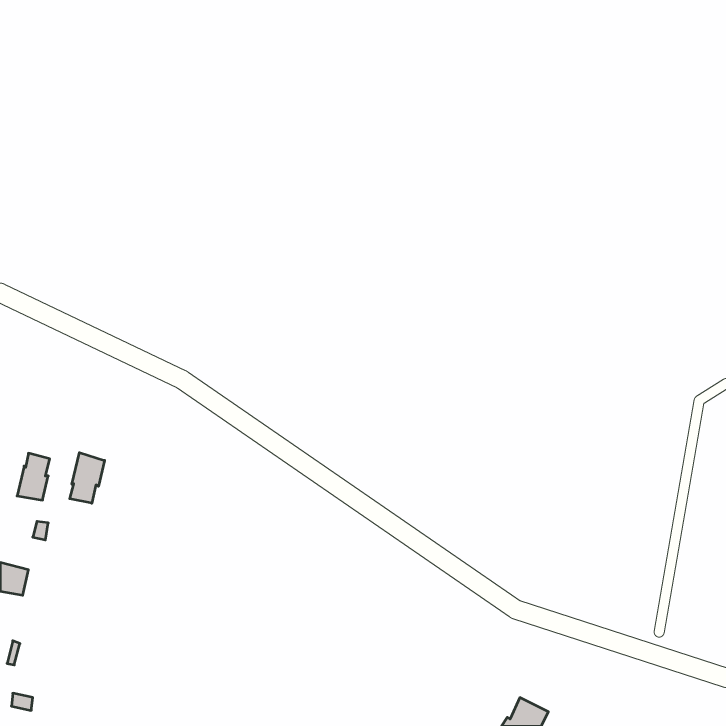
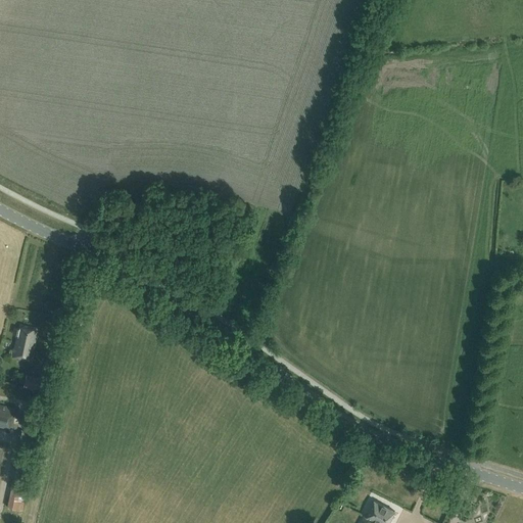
building: [70,453,105,503] -> none

